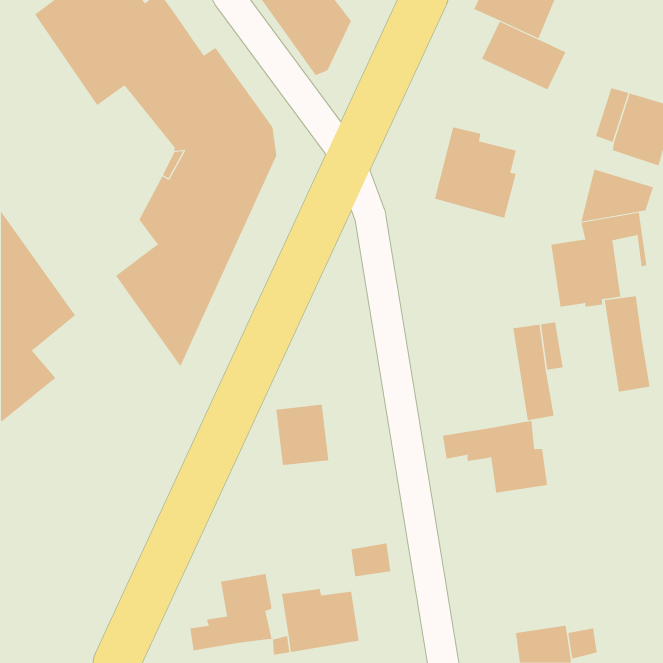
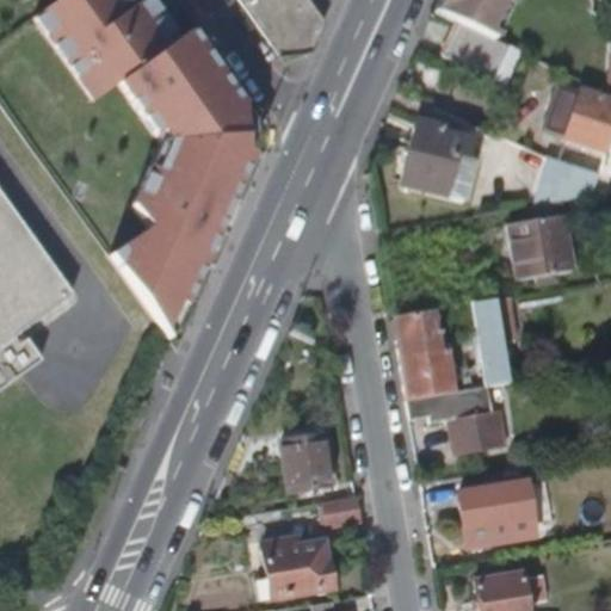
building: [604,295,650,392] -> none
building: none -> [394,307,453,397]
building: [276,404,329,466] -> [283,434,332,490]
building: none -> [458,480,535,545]
building: [190,573,272,651] -> none

